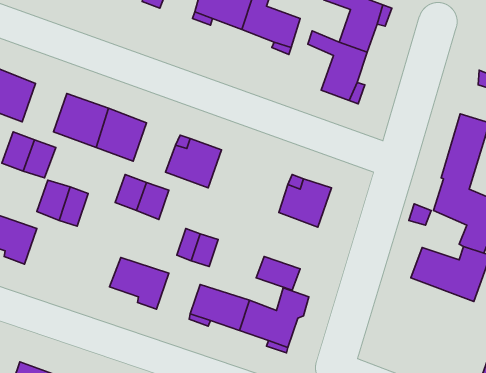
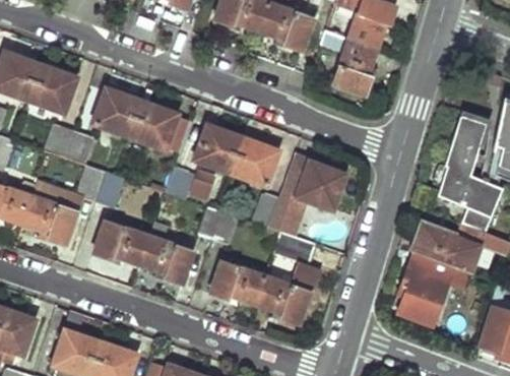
building: none -> [232,138,276,184]
building: none -> [255,193,293,234]
building: none -> [97,221,152,262]
building: none -> [398,254,472,326]

